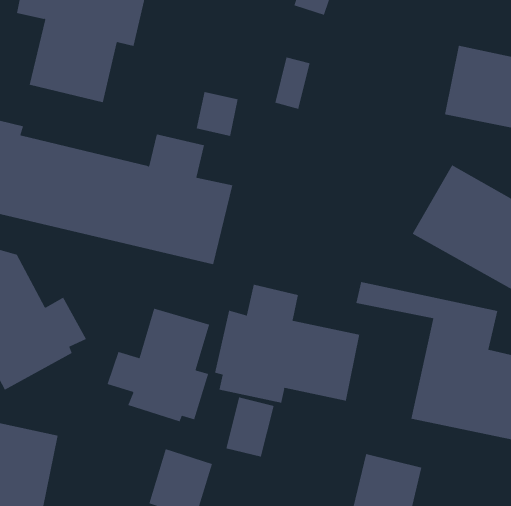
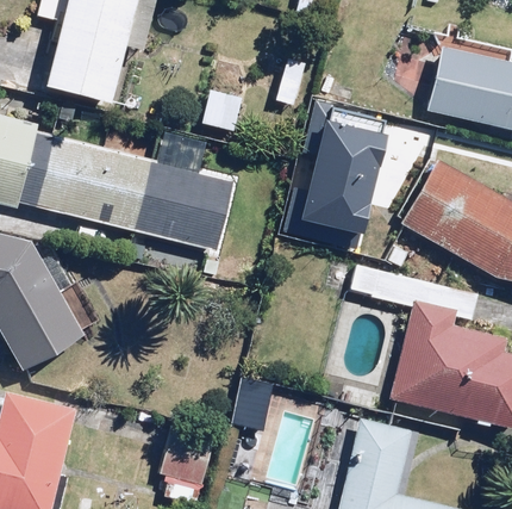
building: none -> [276,113,381,248]
building: [214,284,360,404] -> none
building: [107,308,210,422] -> none

